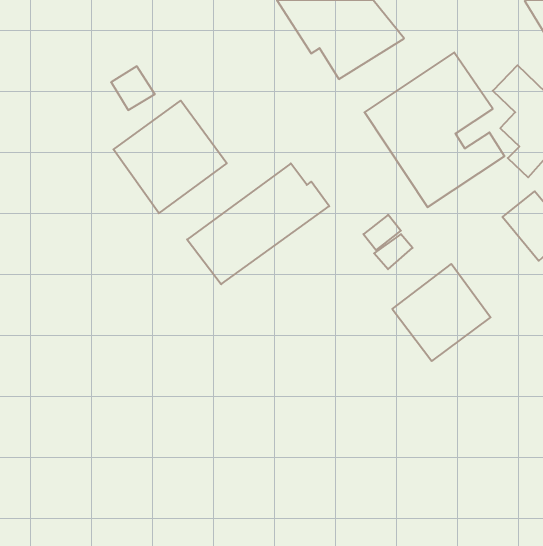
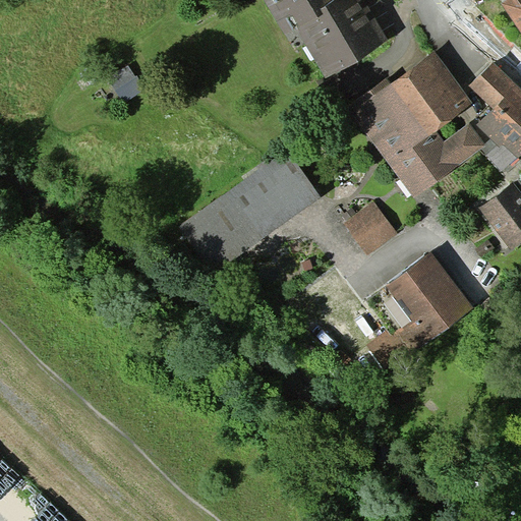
building: [113,101,227,213] -> none

